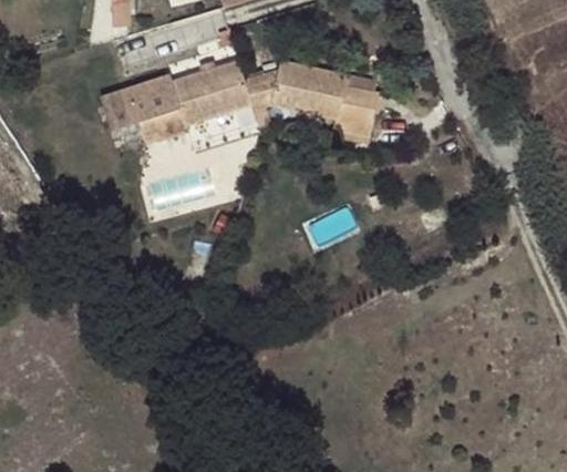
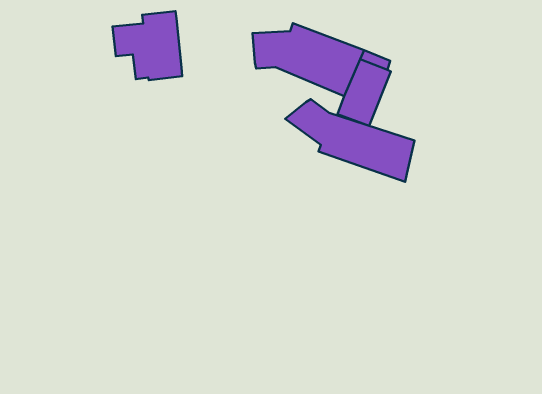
building: [171,60,249,123] -> none
building: none -> [285,99,414,182]

